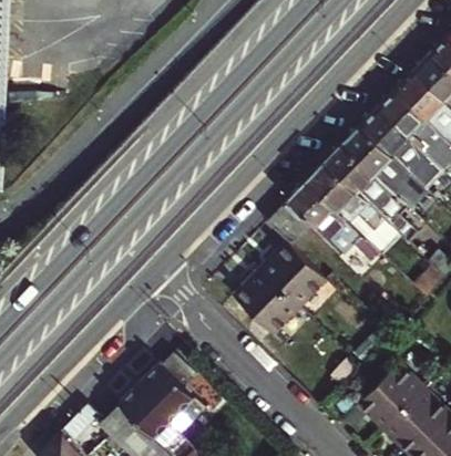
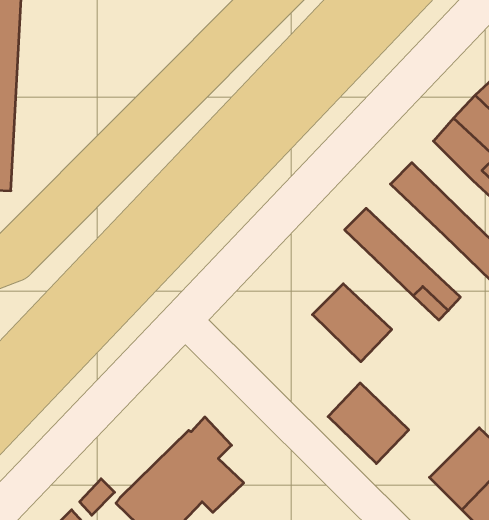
building: [341,127,400,195] -> none
building: [304,163,372,240] -> none
building: [265,200,310,247] -> none
building: [233,270,299,336] -> [328,383,409,464]

